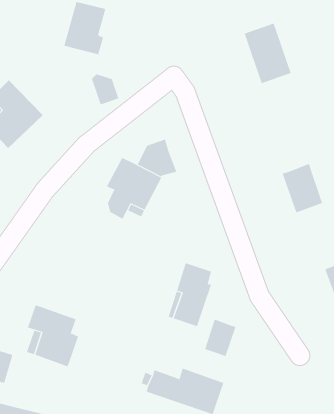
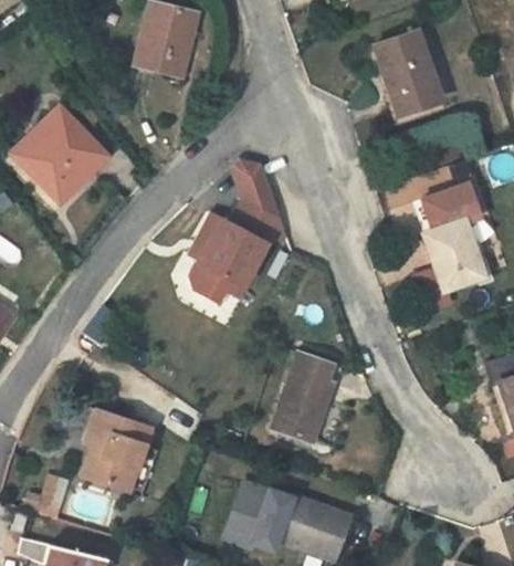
building: [91,74,119,105] -> [233,156,271,198]
building: none -> [422,184,481,233]
building: [204,319,236,357] -> none

